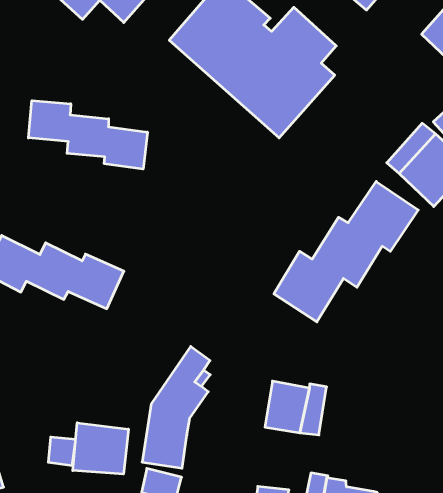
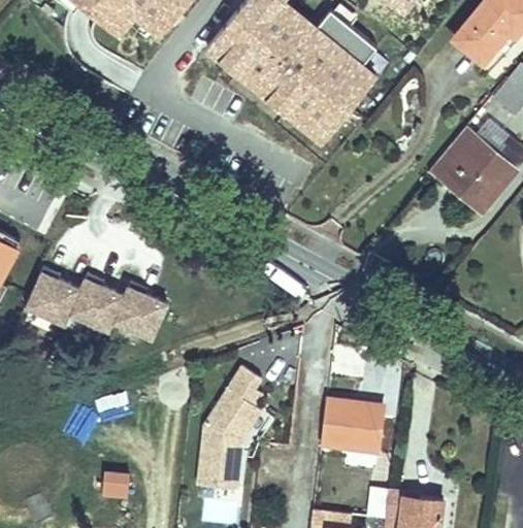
building: [28,101,147,169] -> none
building: [274,181,418,322] -> none
building: [73,423,128,474] -> none

